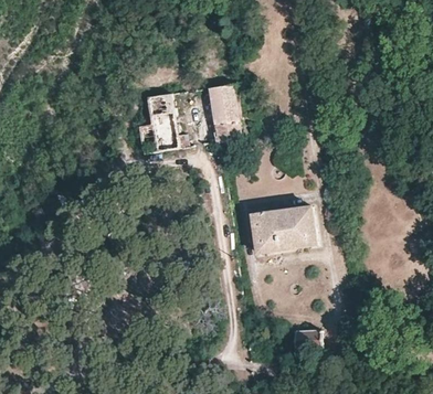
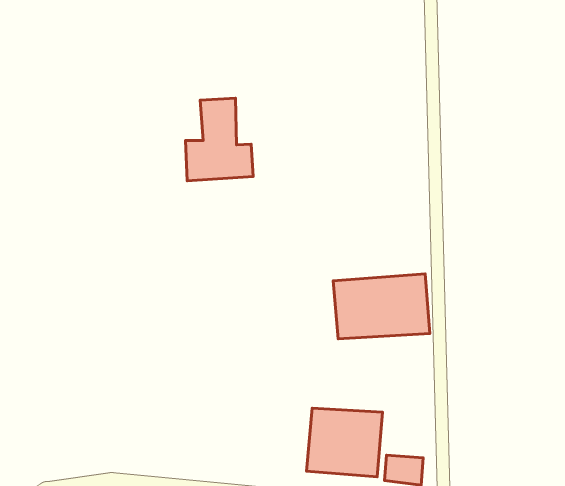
building: [208,84,241,141] -> none
building: none -> [307,408,383,477]

